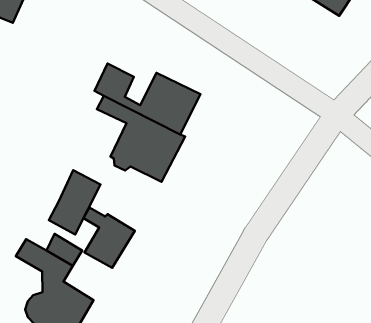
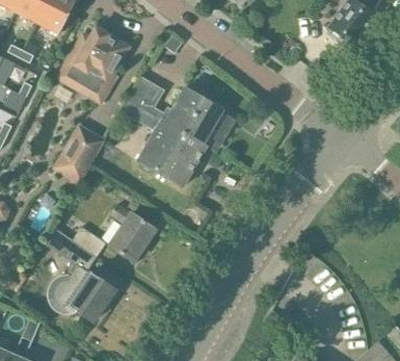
building: none -> [57,26,130,104]
building: [49,170,100,235] -> [53,124,102,182]

